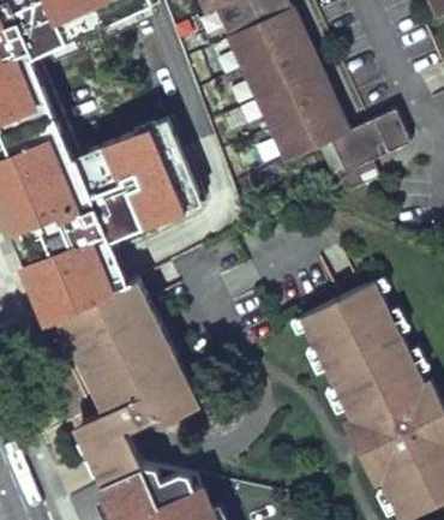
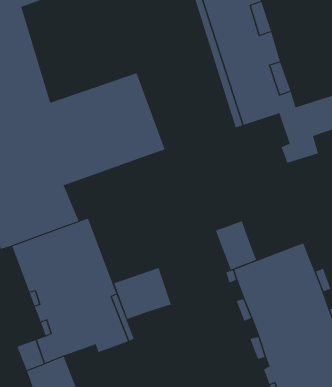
building: none -> [215,221,257,271]
building: none -> [114,267,171,320]

